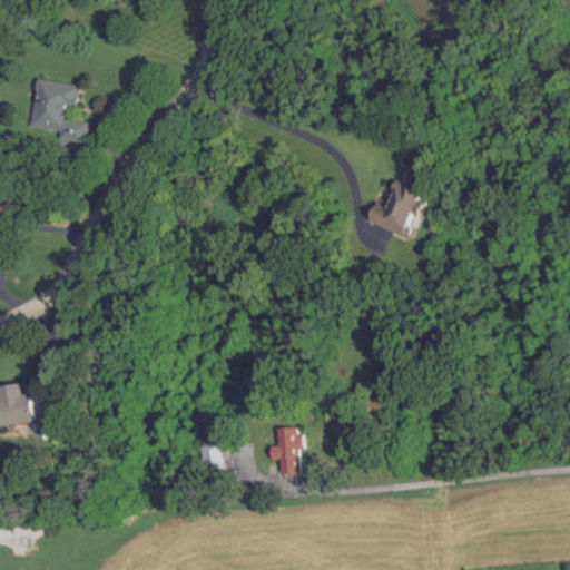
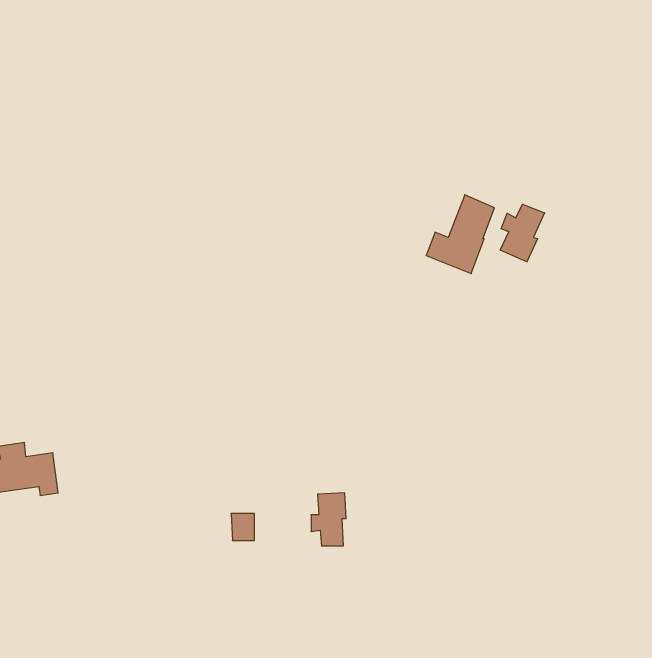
building: [29,79,86,149] -> none
building: none -> [500,204,545,262]

